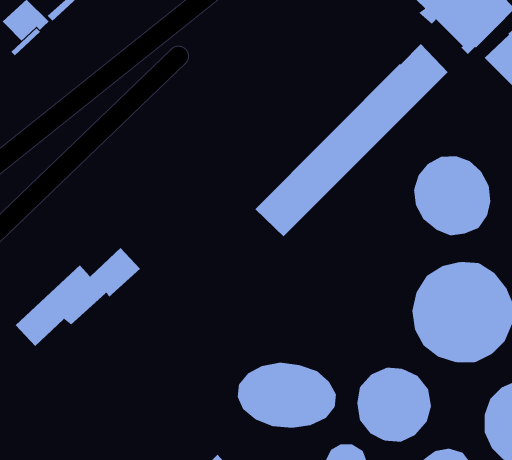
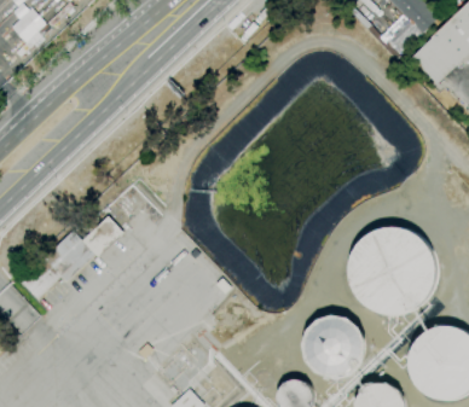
building: [255,43,448,237] -> none
building: [414,156,491,236] -> none
building: [237,362,337,429] -> none

